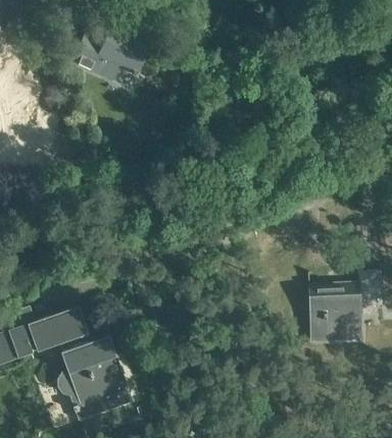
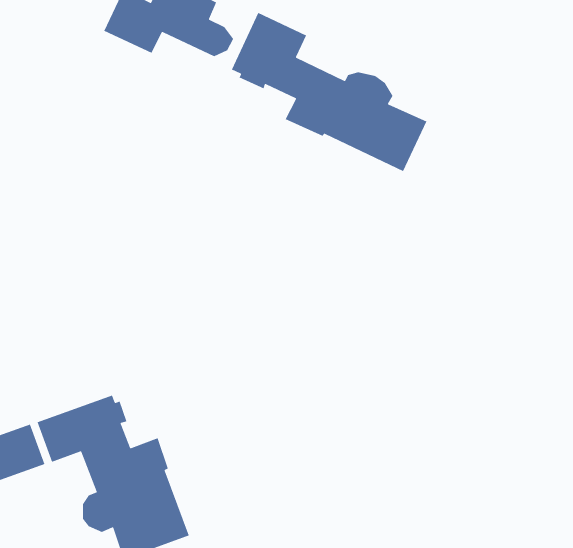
building: none -> [231,12,427,172]
building: [307,271,381,342] -> none

